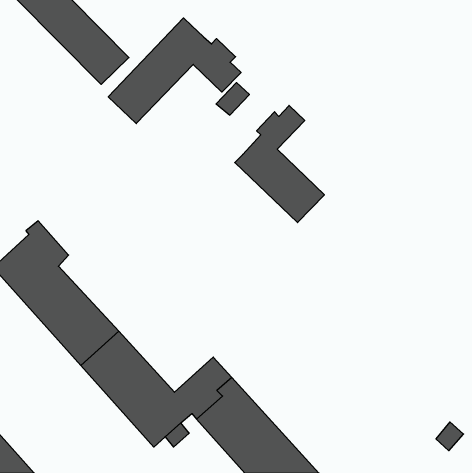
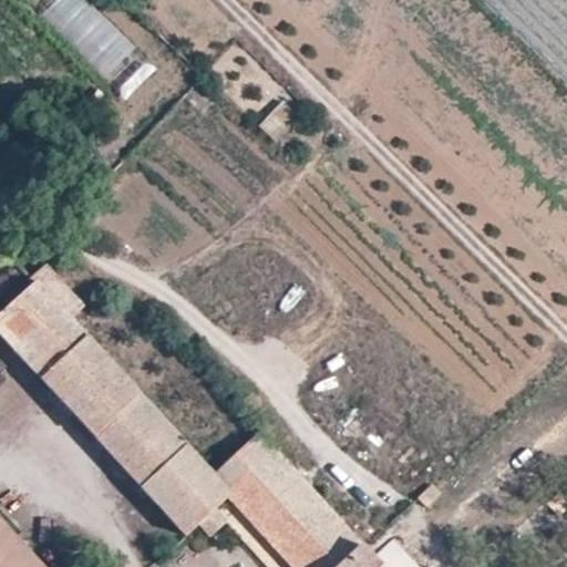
building: [108,18,241,124] -> none
building: [235,105,324,223] -> none

